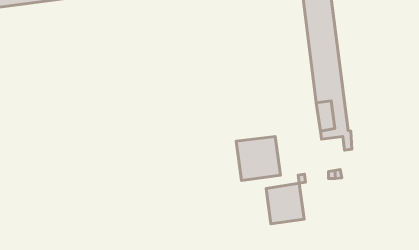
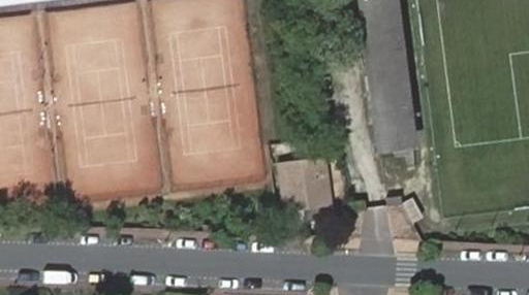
building: [266,183,304,224] -> none

